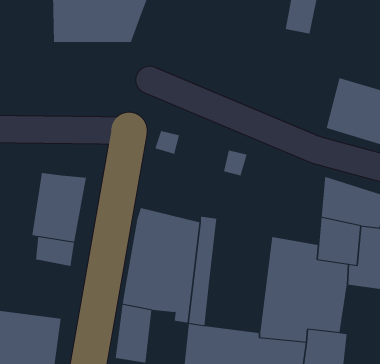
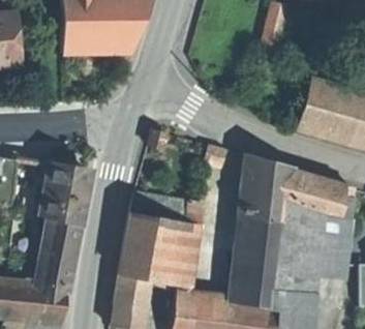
building: none -> [246,153,292,223]
building: none -> [36,236,74,287]

